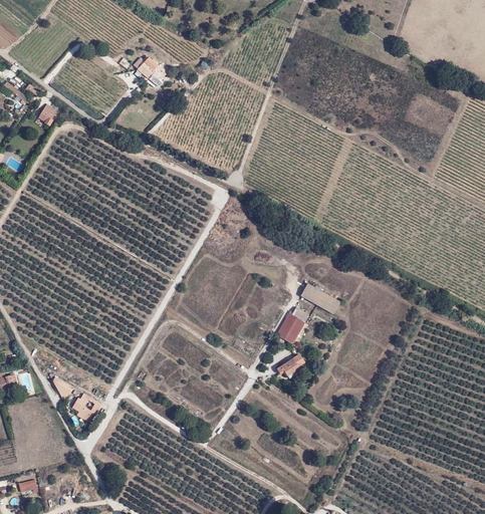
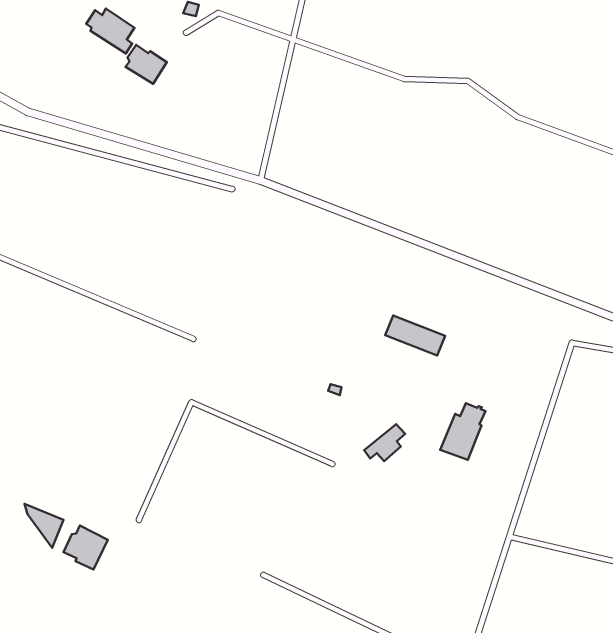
building: none -> [126,45,167,84]
building: [275,306,308,343] -> [440,403,485,460]

